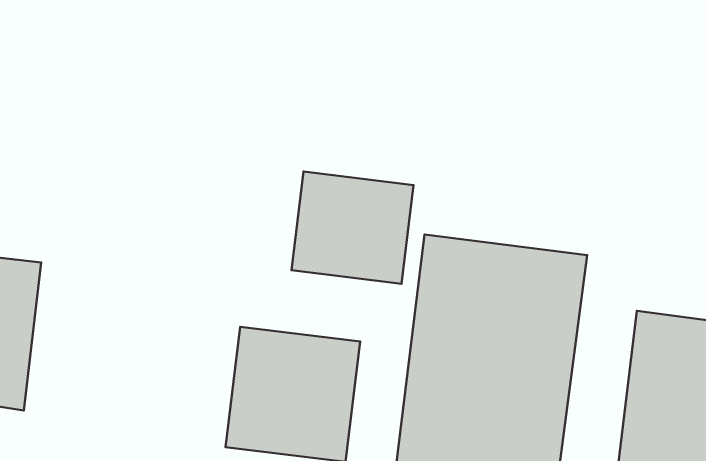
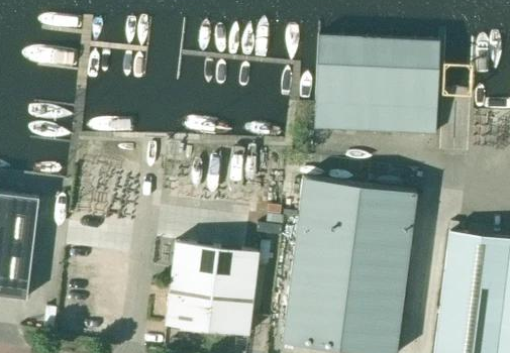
building: none -> [315,36,439,134]
building: [291,172,413,284] -> none

